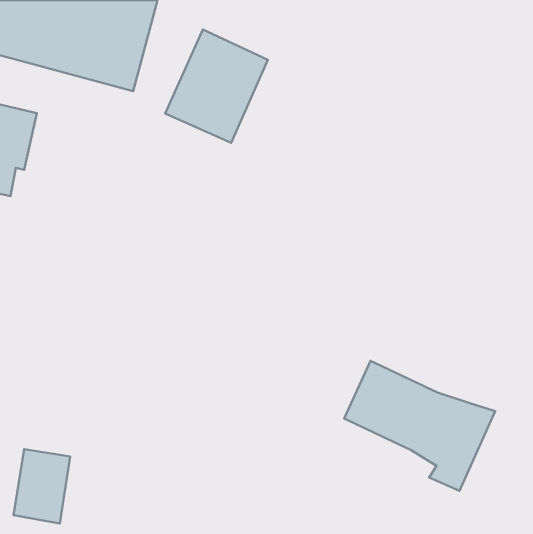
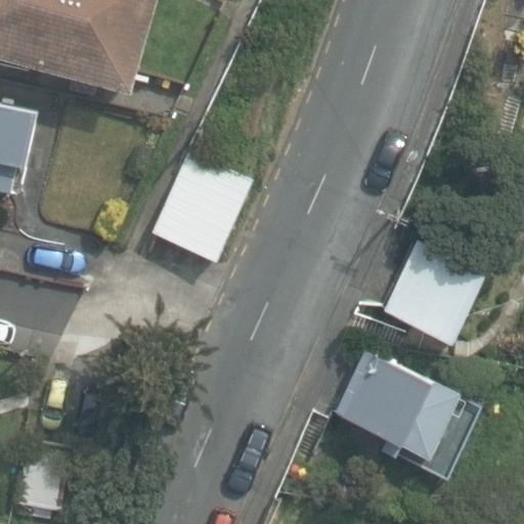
building: [165,29,268,143] -> [151,150,252,261]
building: none -> [383,239,485,342]

